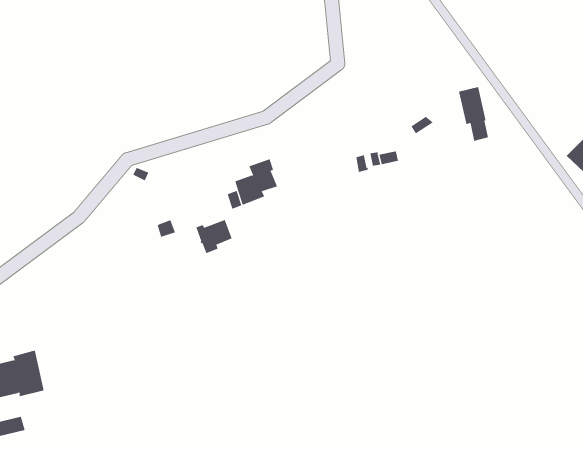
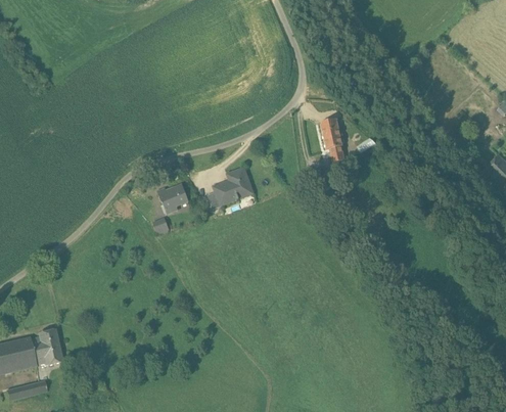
building: [458,87,489,141] -> [320,119,344,163]
building: [196,218,233,254] -> [158,185,188,214]

